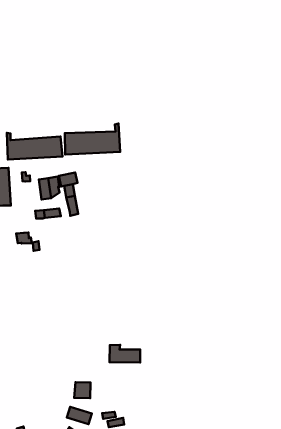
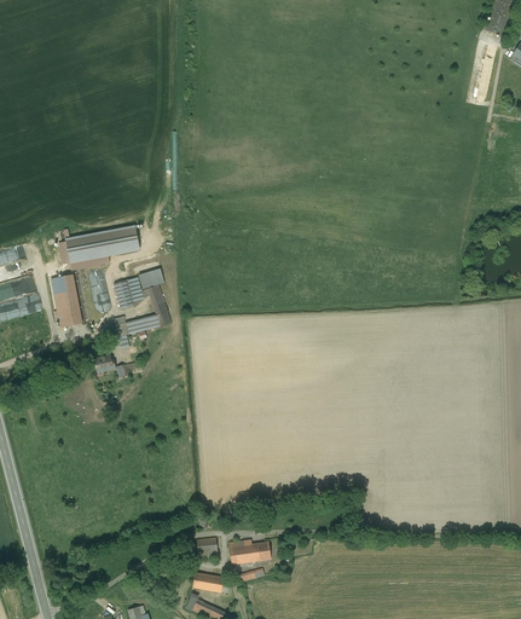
building: [65,123,120,155] -> none
building: [109,345,140,363] -> [227,538,270,562]

